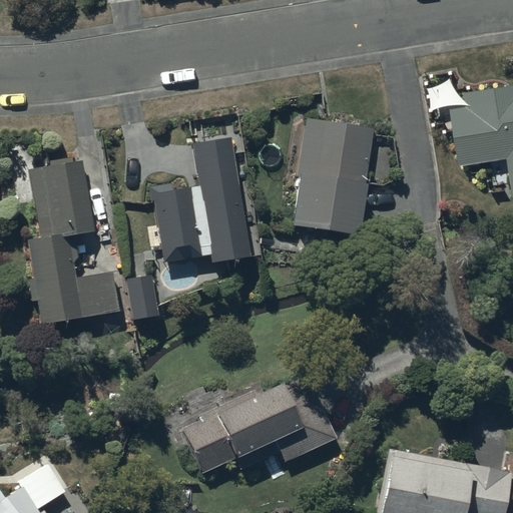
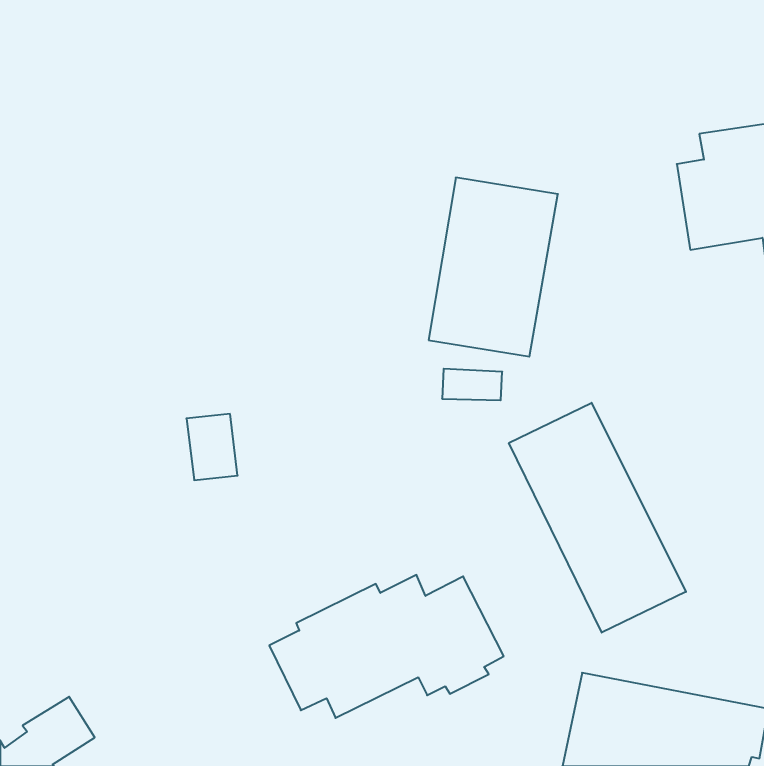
building: [149,137,251,265] -> none
building: [28,156,120,325] -> none
building: none -> [509,403,686,633]

